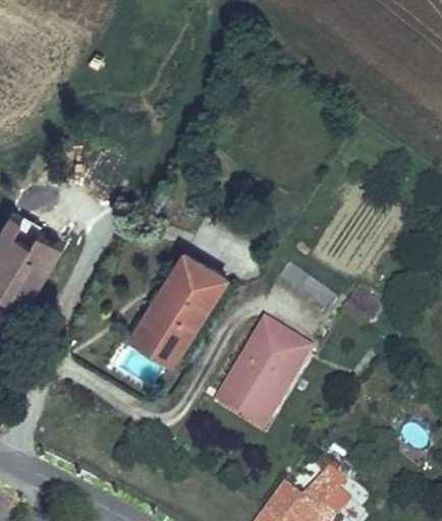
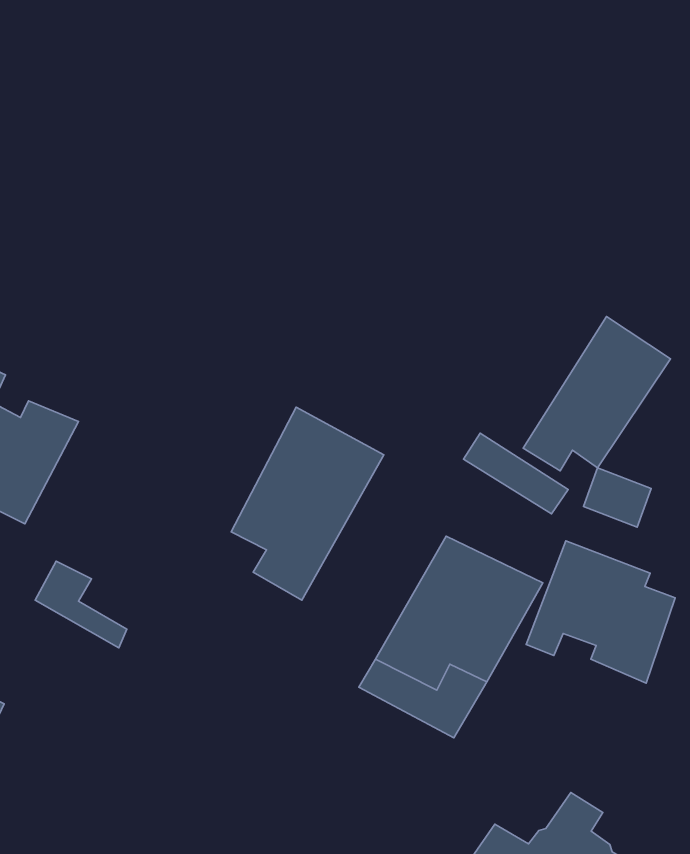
building: none -> [523,316,671,471]
building: [130,311,181,362] -> [35,561,127,648]
building: none -> [526,541,675,683]

